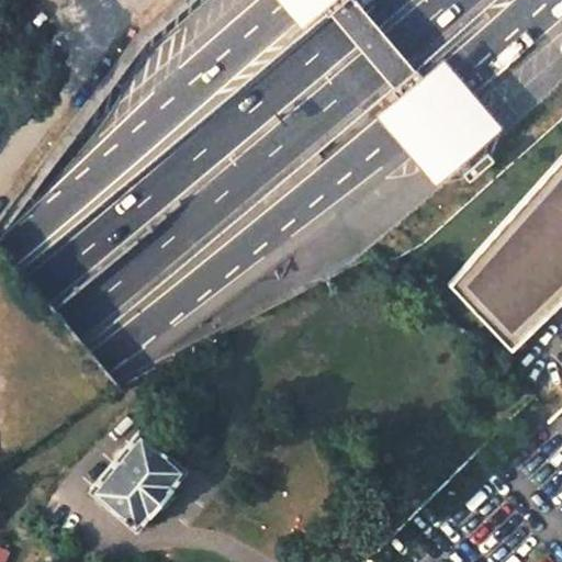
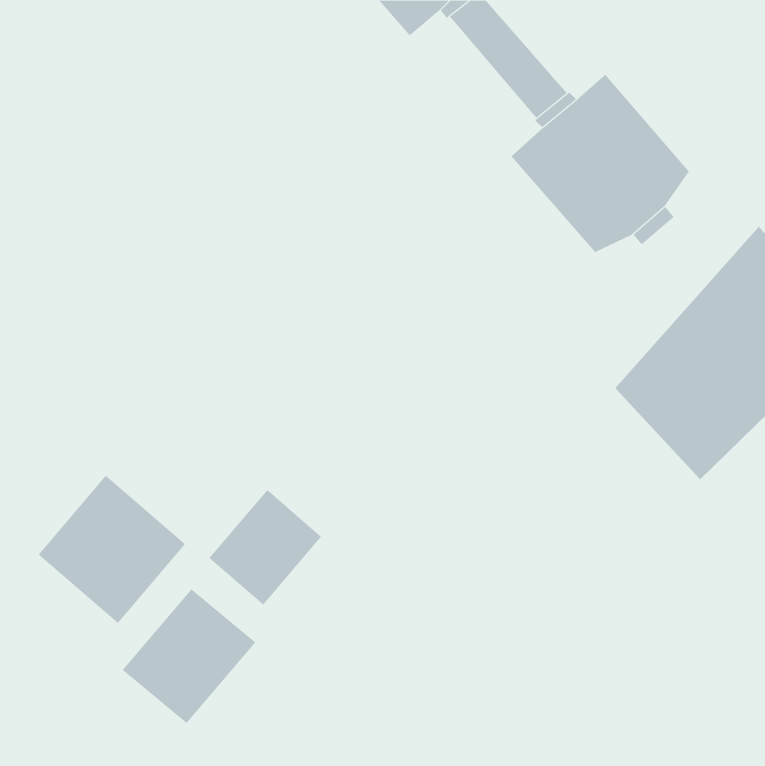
building: none -> [38,475,186,624]
building: none -> [209,489,322,606]

